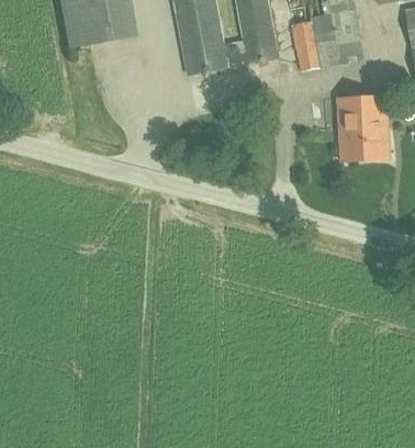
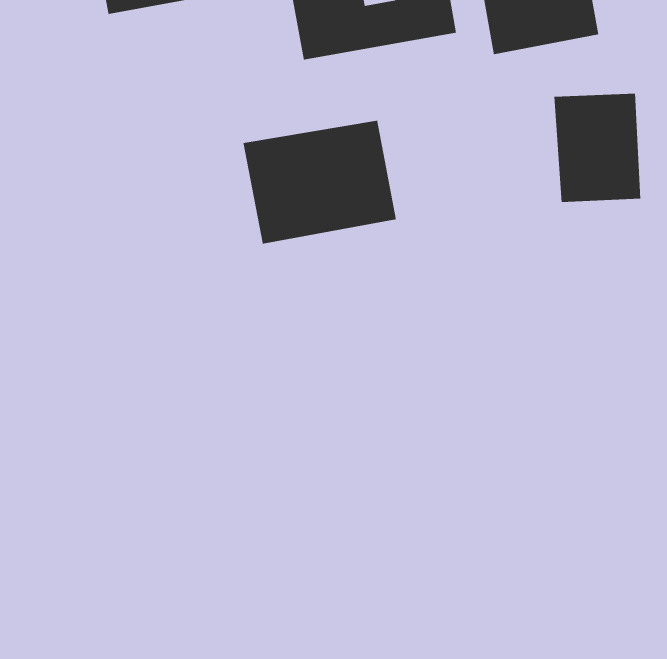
building: none -> [243,120,397,245]

